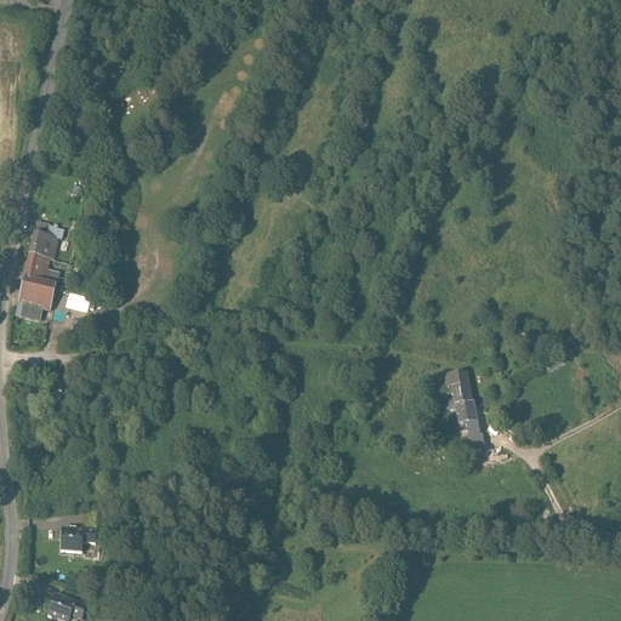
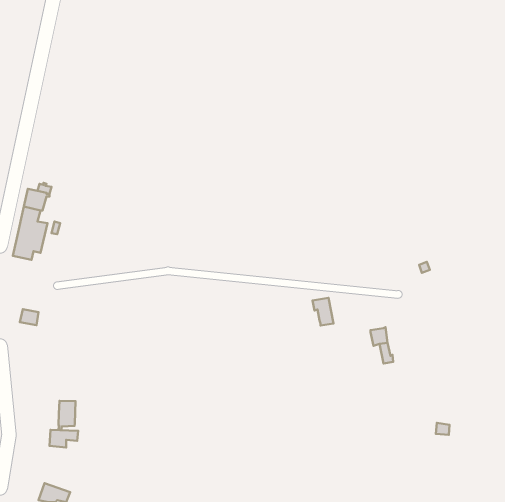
building: [445,371,471,405] -> [313,298,333,325]
building: none -> [58,401,76,430]

